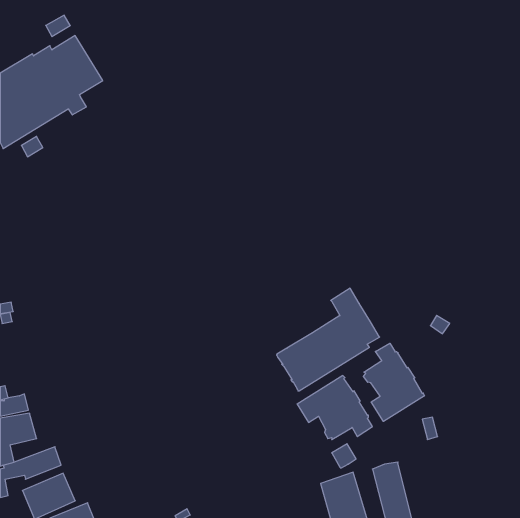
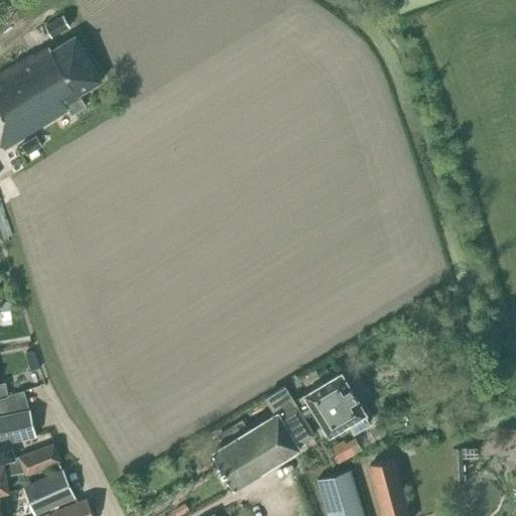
building: [277,288,380,391] -> [213,387,314,489]
building: [363,343,424,421] -> none

